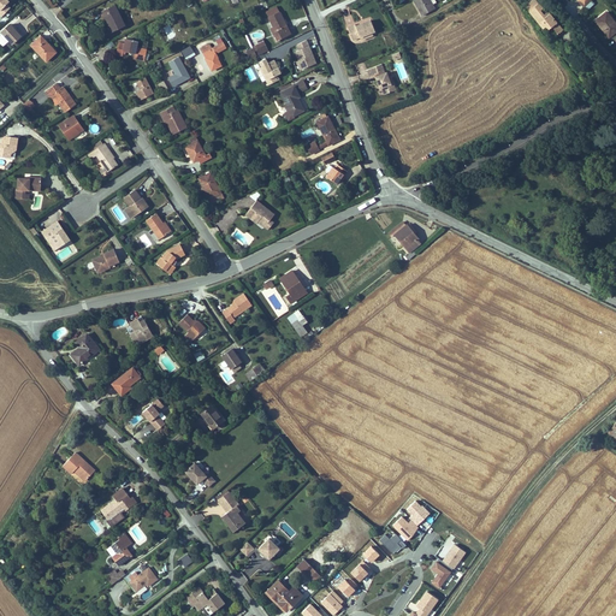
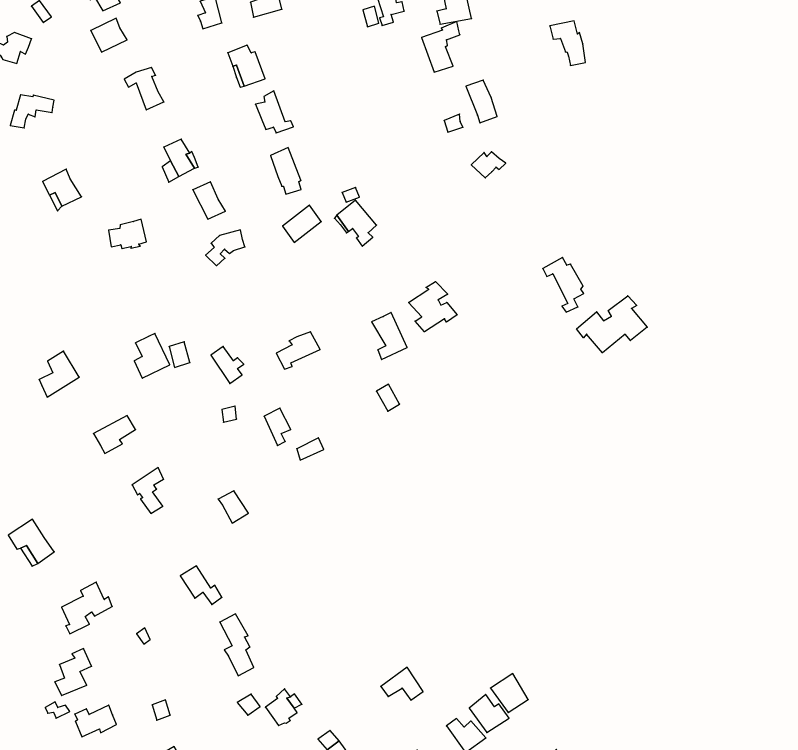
building: none -> [577,296,647,353]
building: none -> [409,282,457,332]

